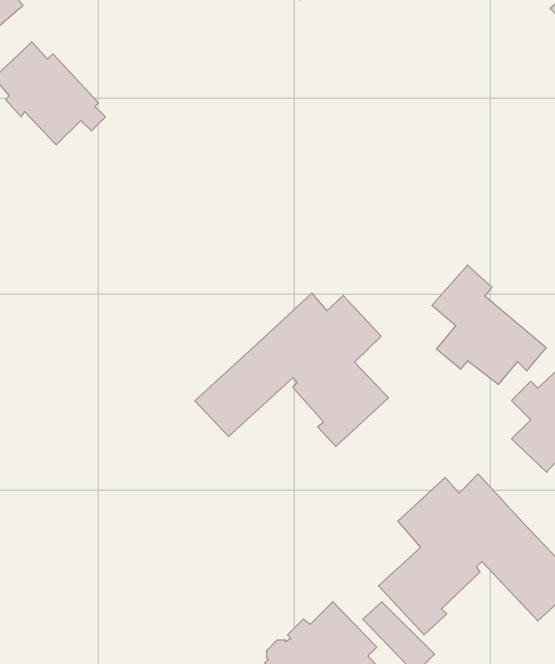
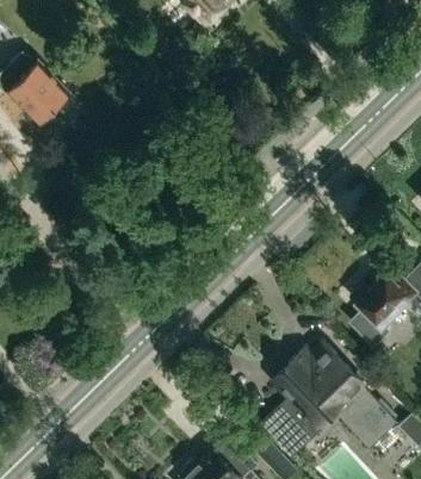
building: [432,265,546,385] -> none
building: [195,293,388,447] -> none

